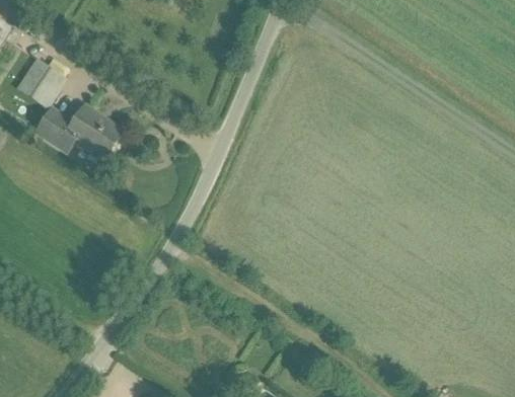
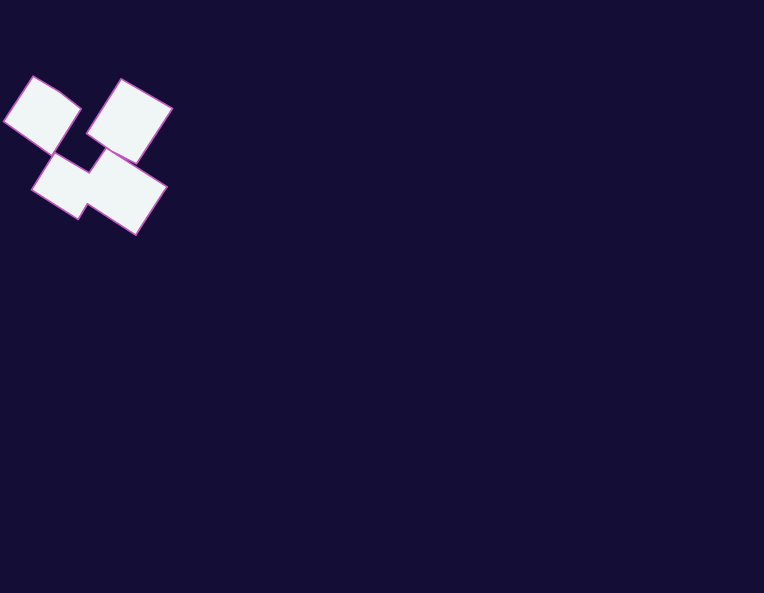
building: none -> [87,79,173,164]

